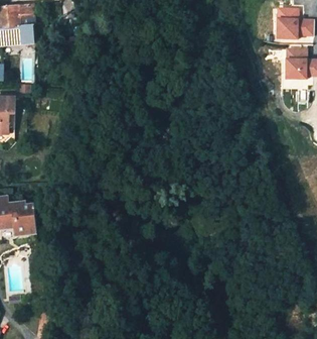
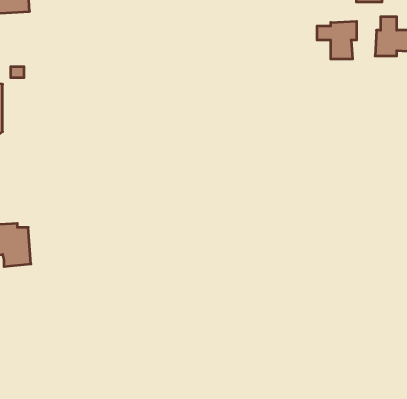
building: none -> [317,21,357,59]

